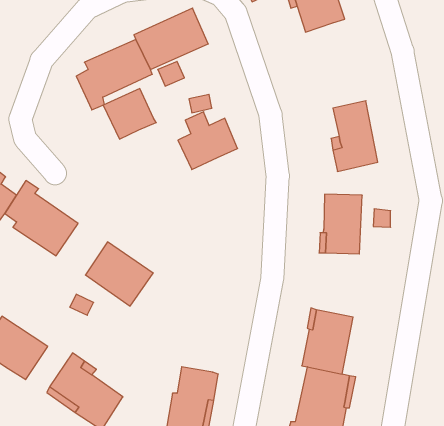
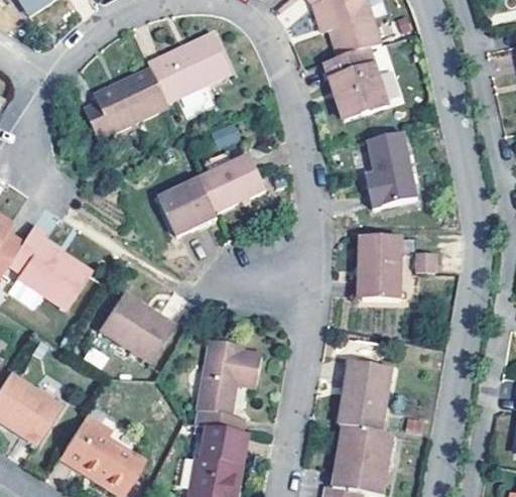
building: none -> [327,48,389,122]
building: [103,89,156,139] -> [159,177,218,233]
building: none -> [194,340,259,432]

